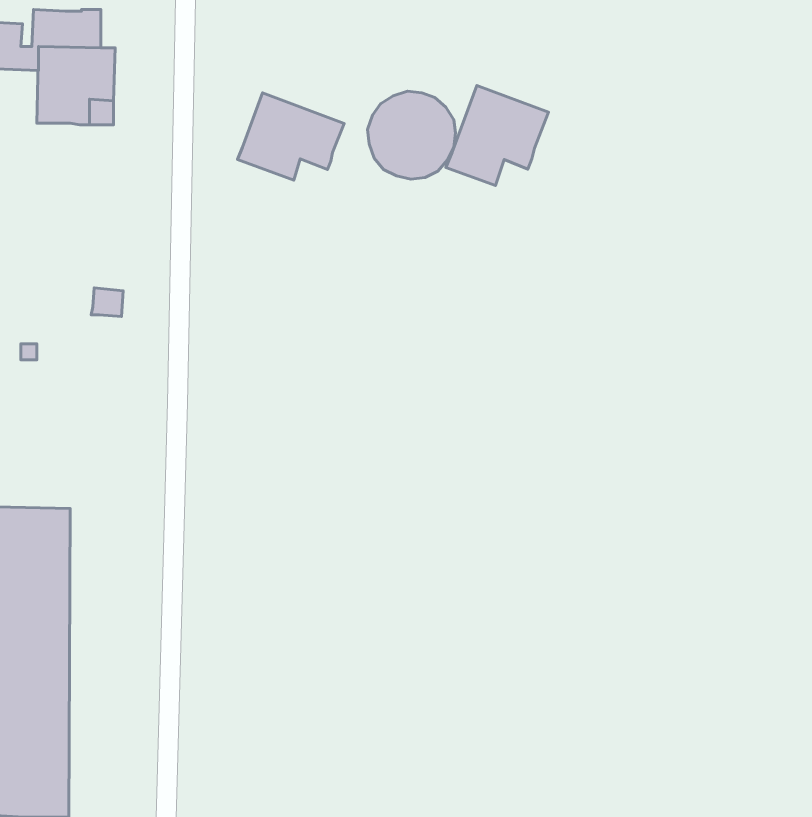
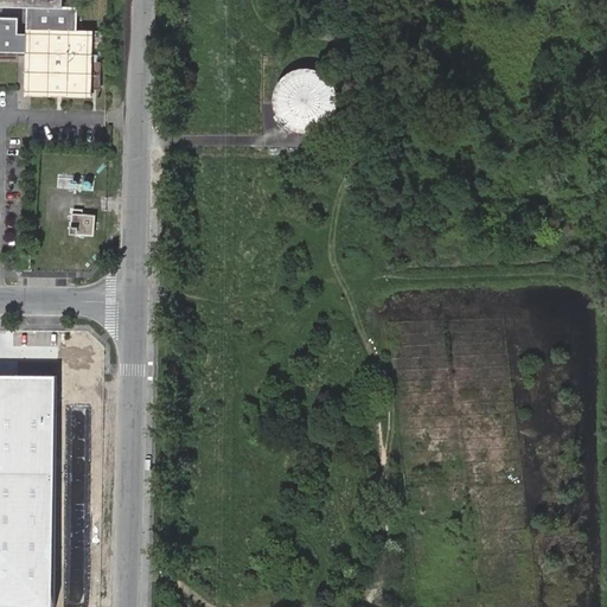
building: [446,85,549,186] -> none
building: [237,93,344,180] -> none

